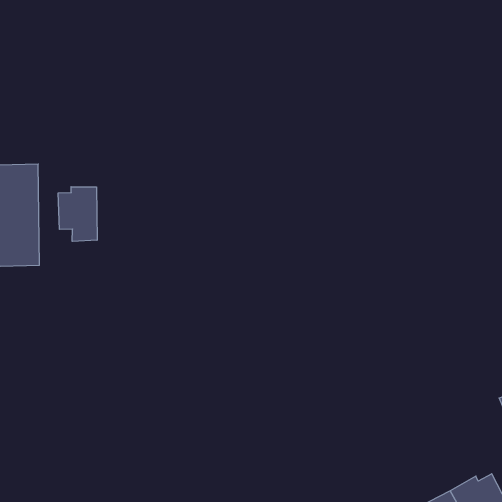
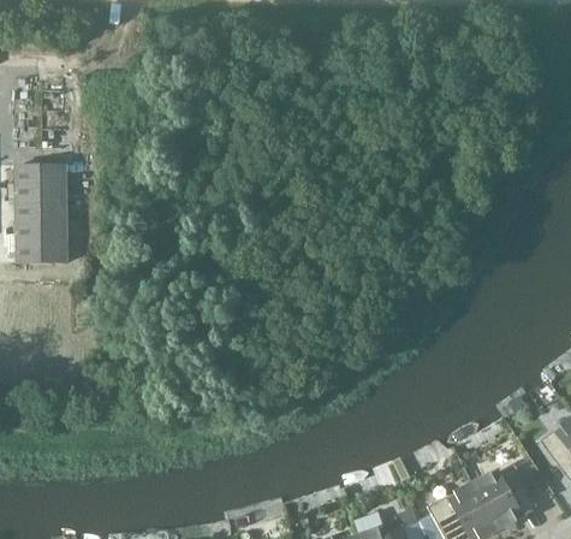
building: [58,187,97,241] -> none

